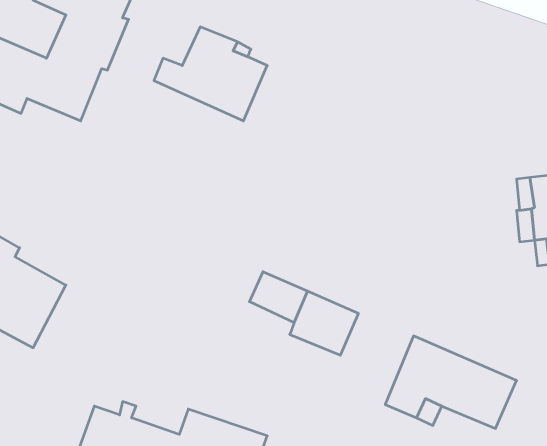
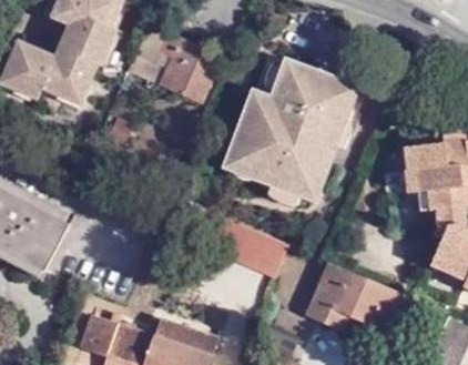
building: none -> [230,62,354,194]

